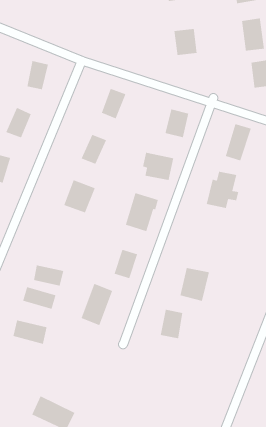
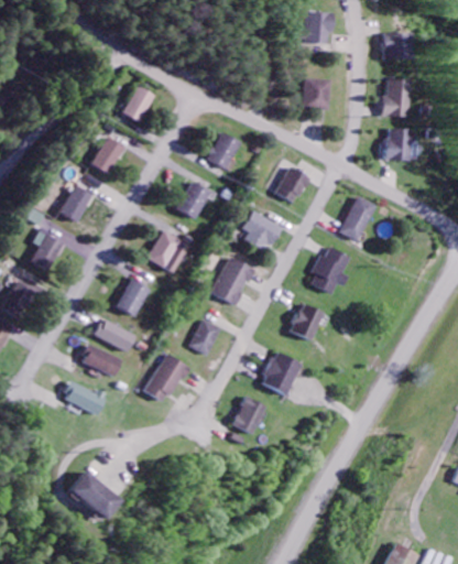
building: none -> [293,303,324,339]
building: none -> [115,279,148,315]

